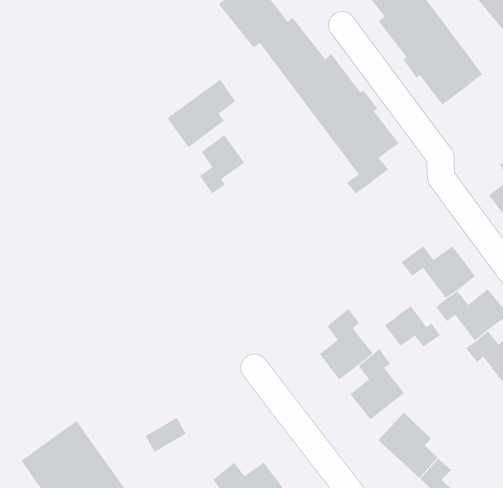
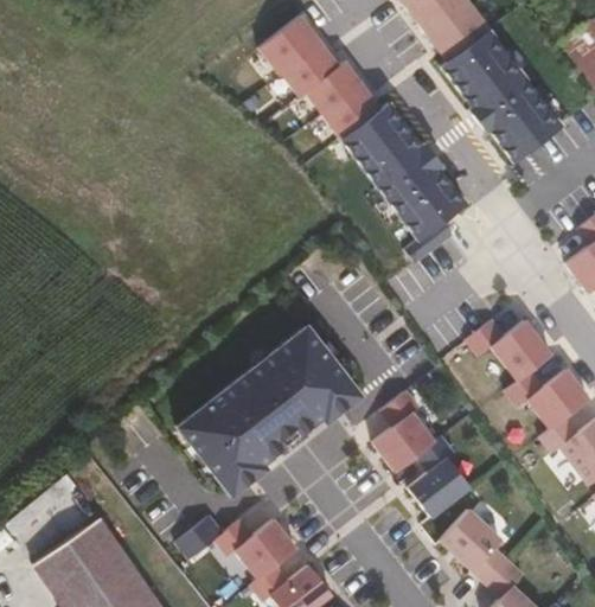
building: [166,79,236,148] -> none
building: [199,134,245,194] -> none
building: none -> [178,326,359,494]
building: [384,305,441,348] -> none
building: none -> [218,520,300,581]

